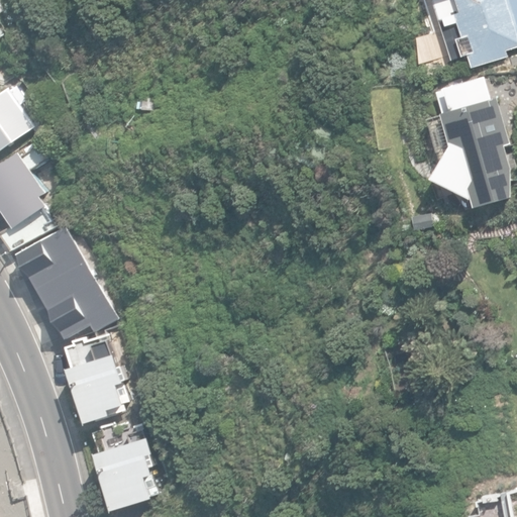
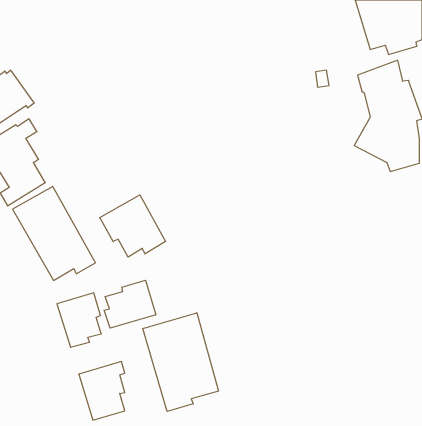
building: none -> [100,195,165,257]
building: none -> [104,280,156,328]
building: none -> [143,313,219,411]

